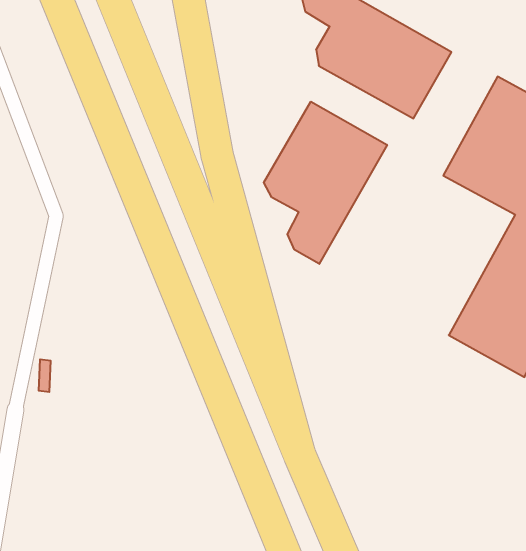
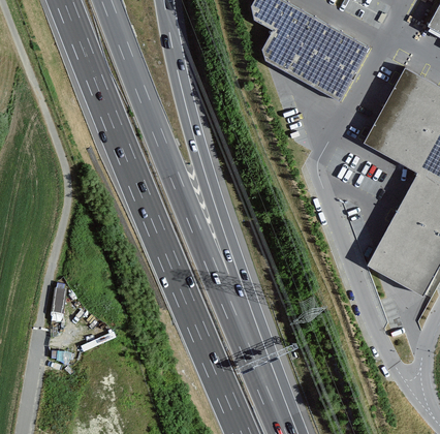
building: [264,102,387,264] -> none

